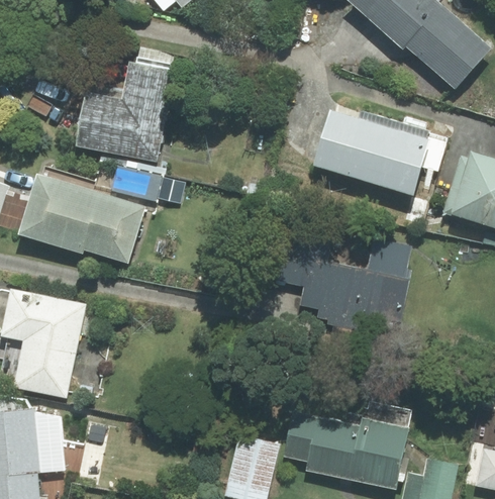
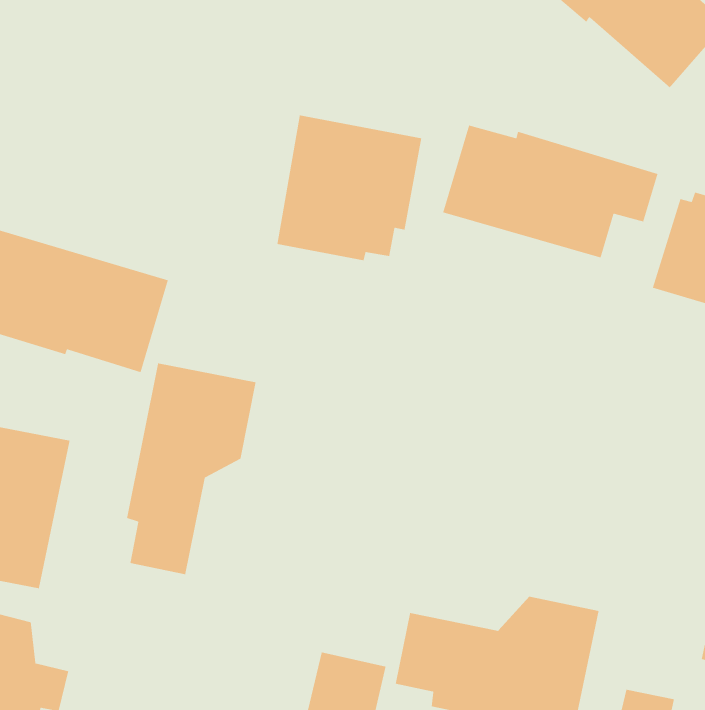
building: [77,48,175,160] -> none
building: none -> [276,114,422,261]
building: [279,239,411,330] -> none
building: none -> [126,362,256,575]

